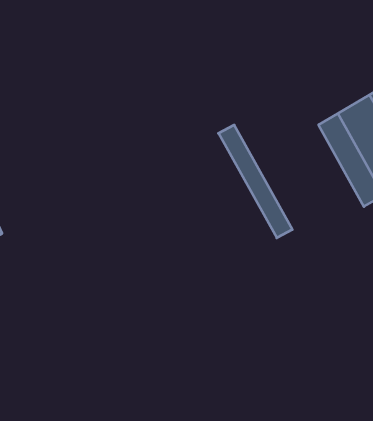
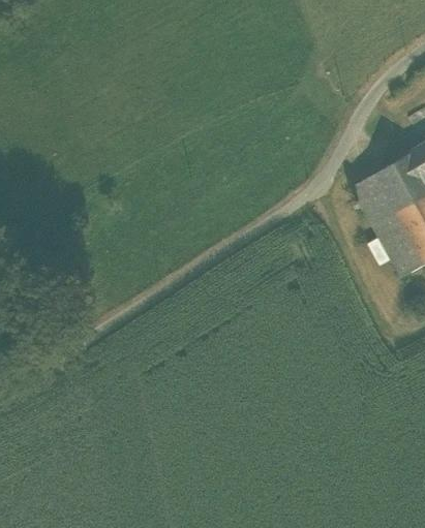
building: [218,125,292,238] -> none

